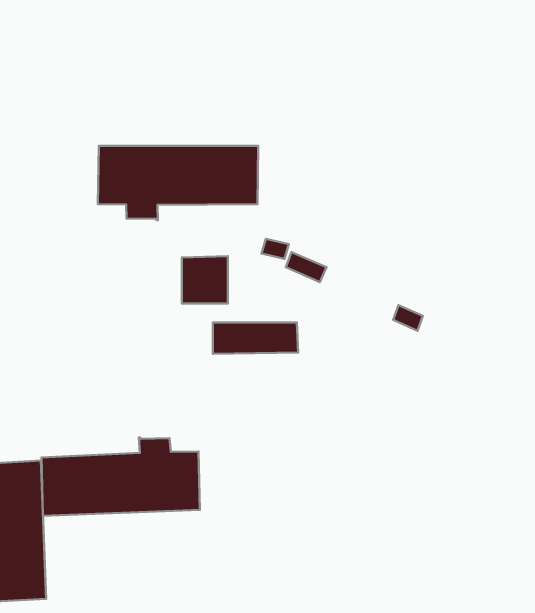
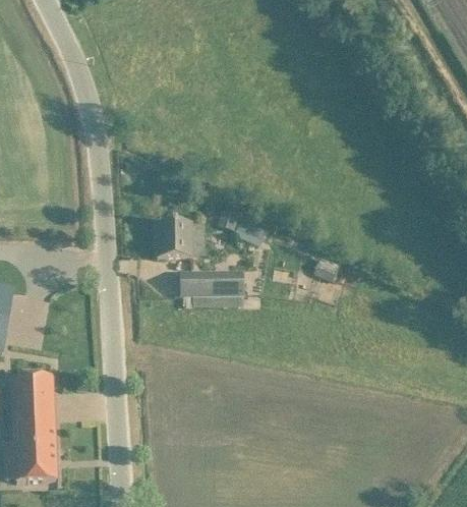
building: [98,146,258,220] -> none
building: [41,437,200,516] -> none

